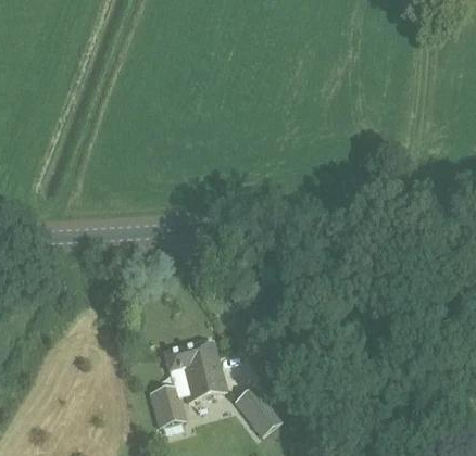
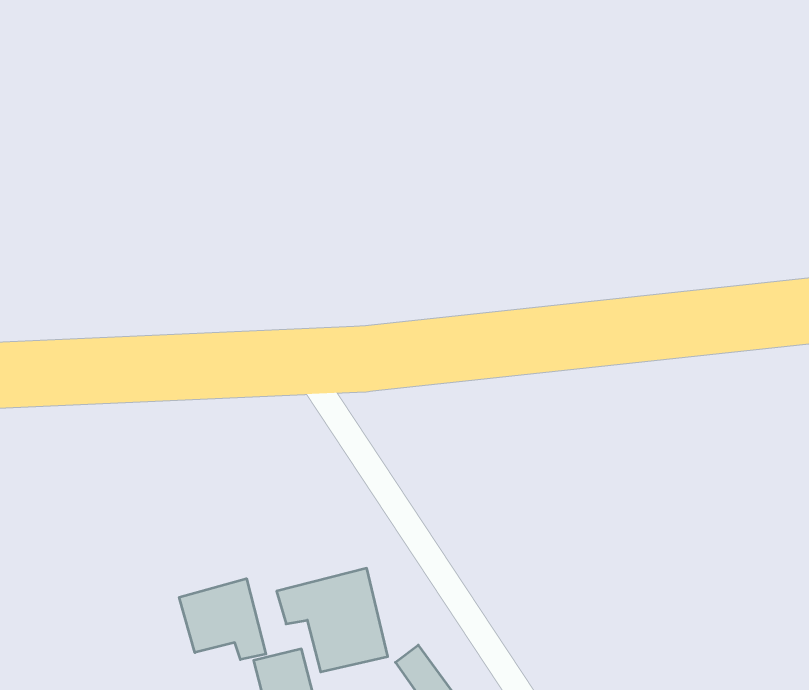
building: none -> [179,579,266,660]

